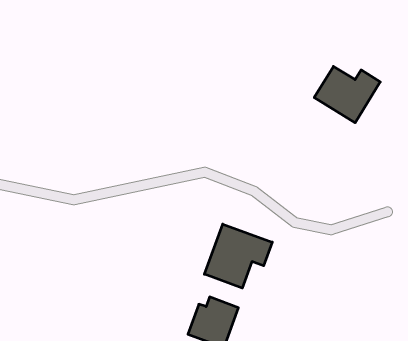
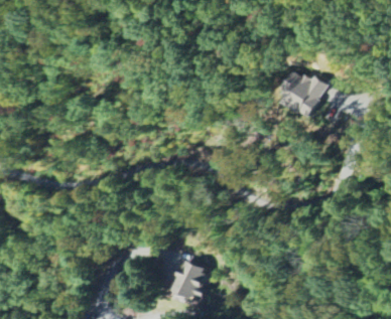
building: [204,224,272,288] -> none

